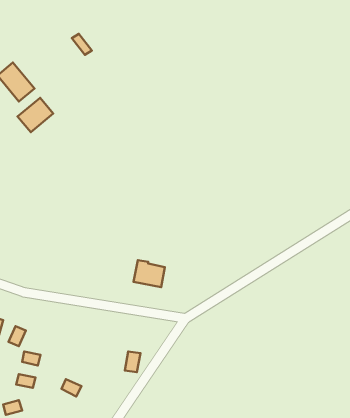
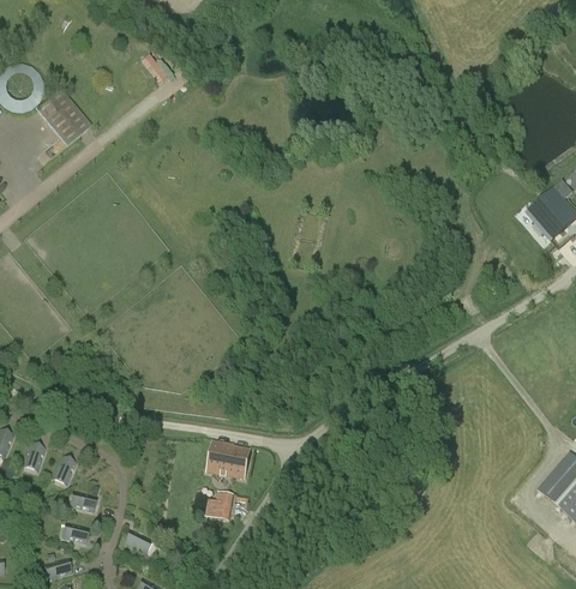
building: [18,98,53,132] -> none
building: [133,260,165,287] -> [206,440,250,477]

